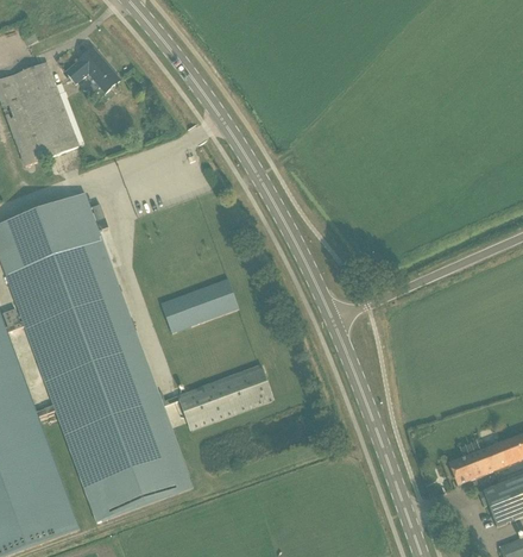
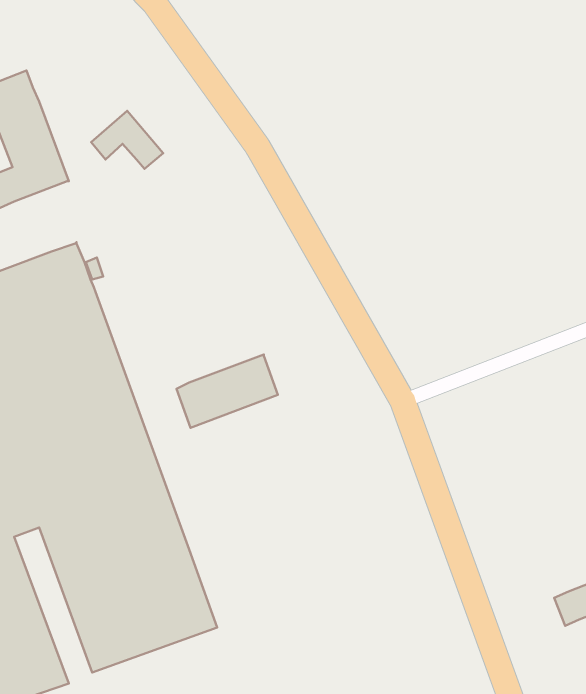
building: [63,48,118,92] -> [91,111,163,169]
building: [175,364,272,431] -> none

